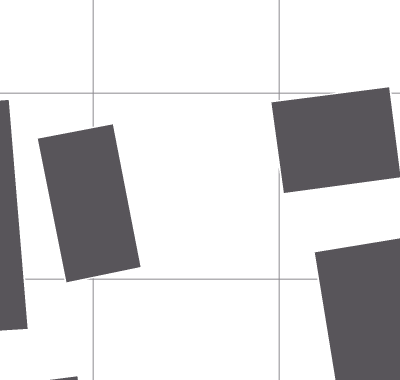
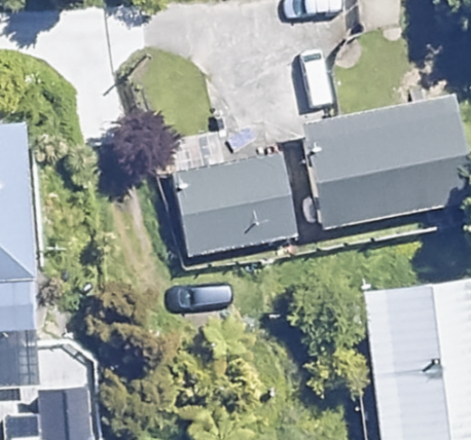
building: [37,123,142,283] -> none
building: none -> [173,152,300,258]

